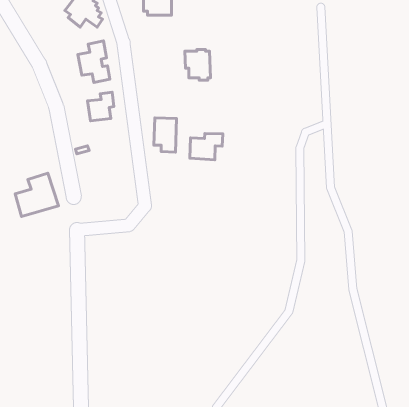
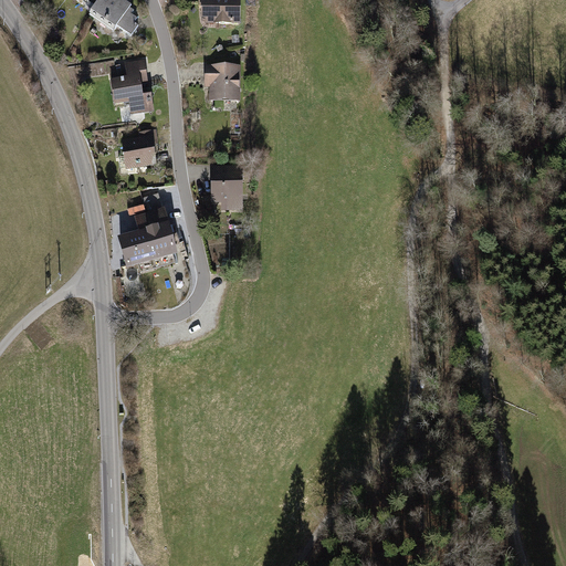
building: [185,50,210,80] -> [203,60,239,102]
building: [190,133,223,160] -> none
building: [15,173,58,216] -> [118,208,178,268]

